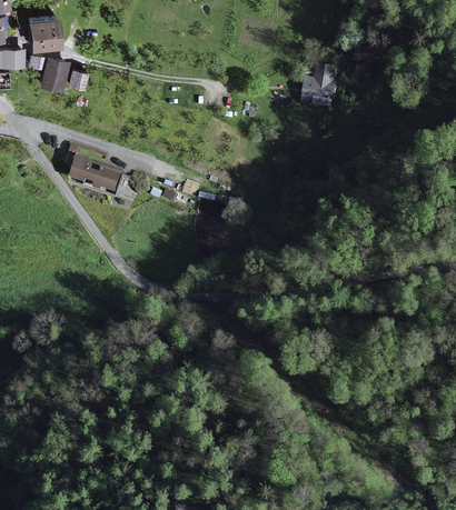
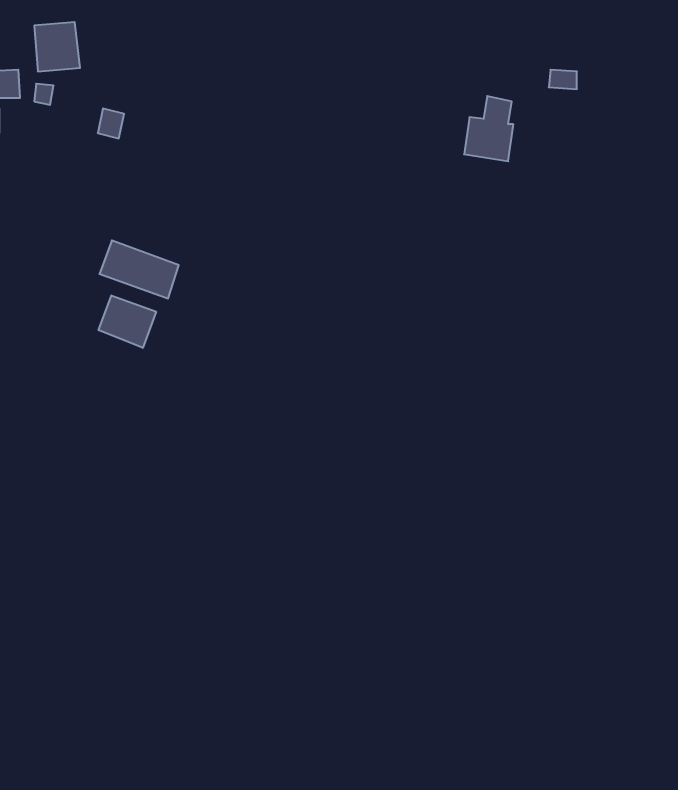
building: [42,58,68,90] -> none
building: none -> [99,295,156,348]

